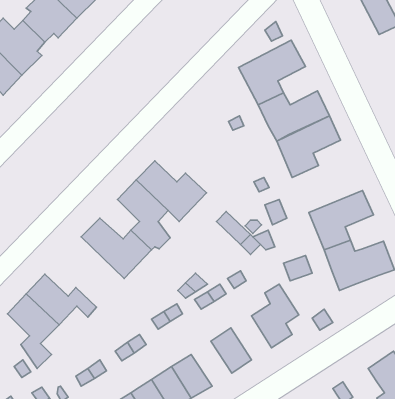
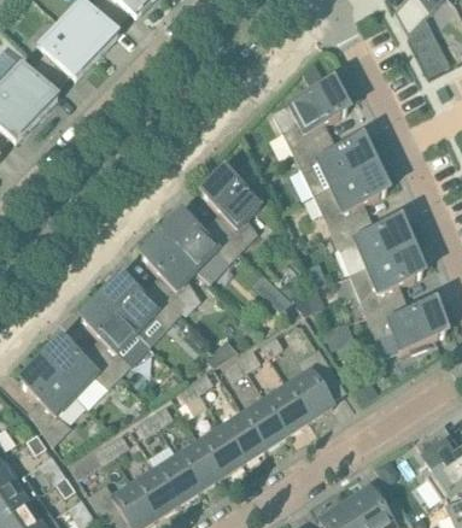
building: none -> [201,169,259,248]
building: none -> [333,218,410,270]
building: none -> [81,297,148,374]
building: none -> [265,383,310,432]
building: none -> [222,411,267,460]

